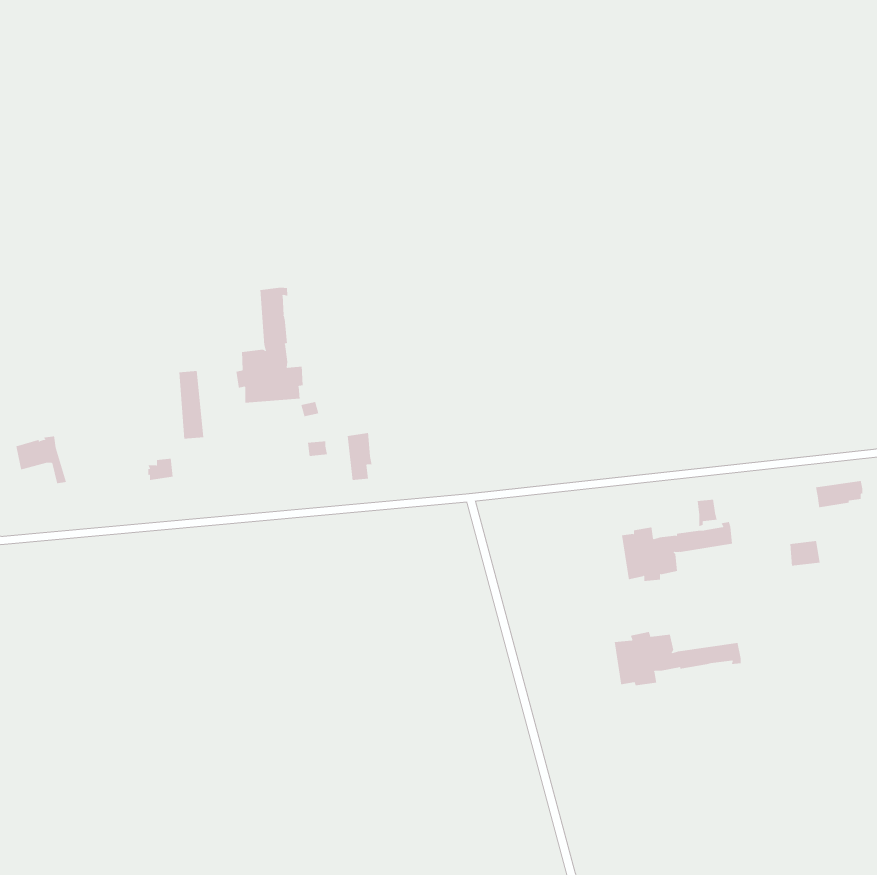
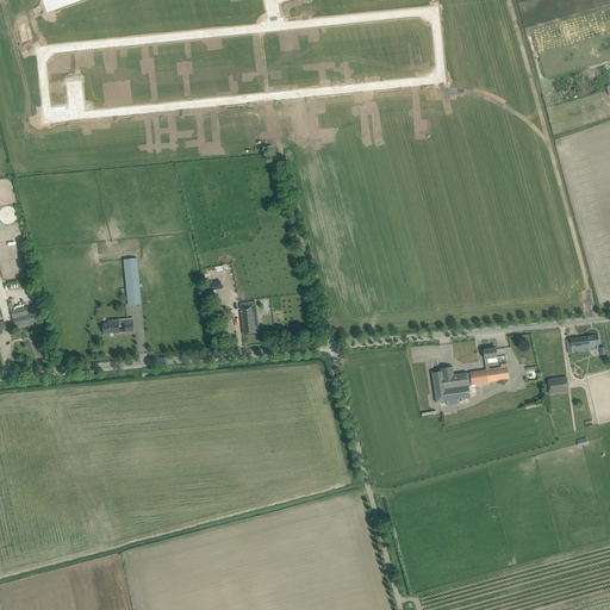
building: [236,287,303,404] -> none
building: [614,631,741,686] -> none

